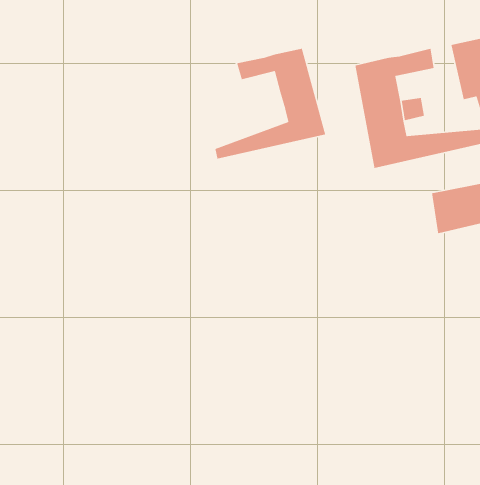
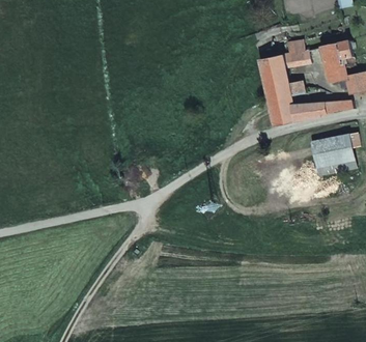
building: [215,48,326,160] -> none

